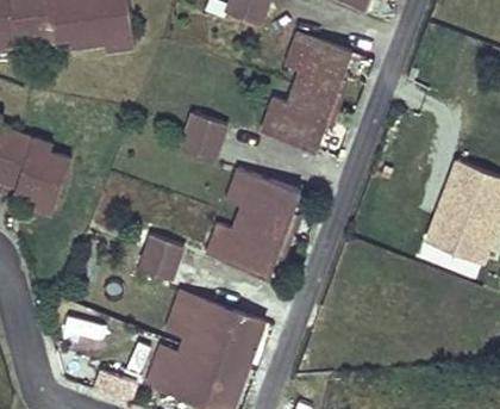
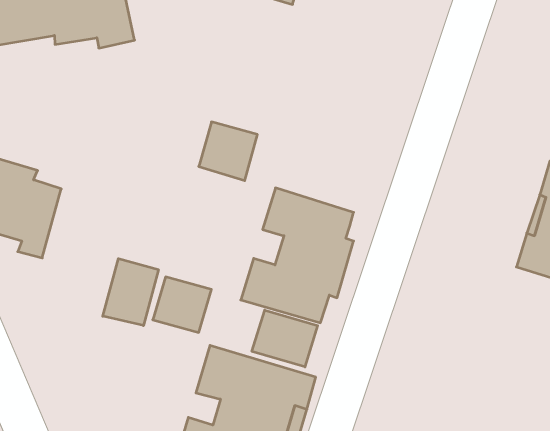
building: [258,31,350,153] -> none
building: none -> [103,259,158,326]
building: none -> [252,310,318,367]

